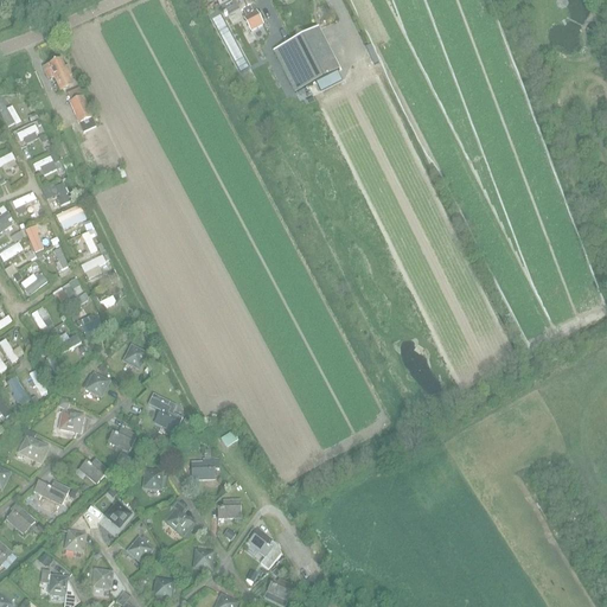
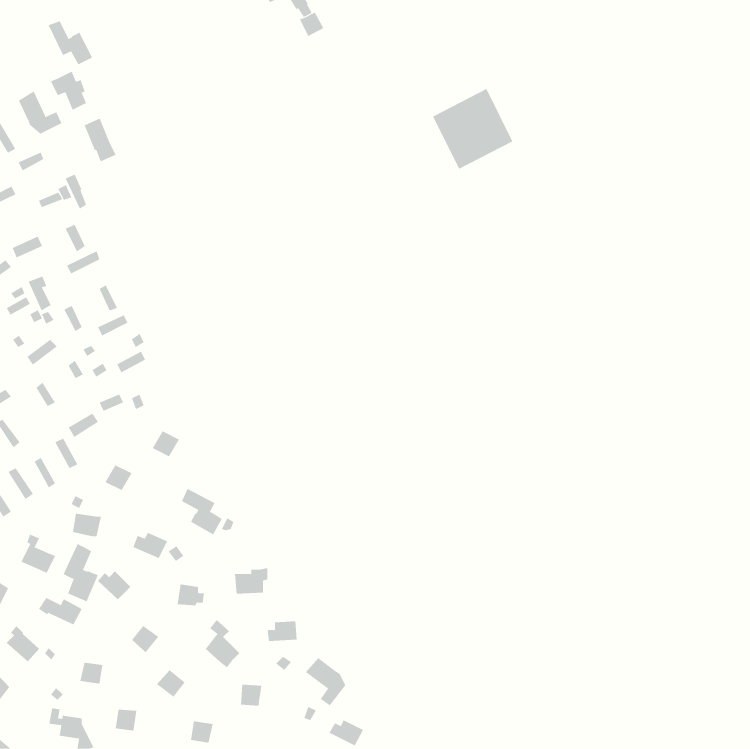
building: none -> [48,20,93,65]
building: [271,25,337,90] -> [432,88,513,169]
building: none -> [18,91,62,134]
building: none -> [63,543,98,602]

